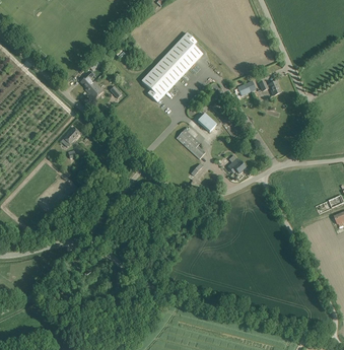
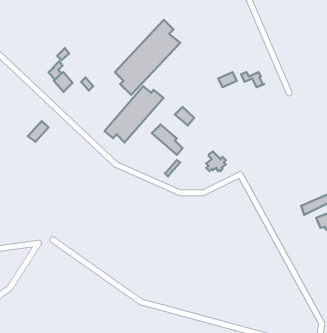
building: none -> [104,86,163,143]

